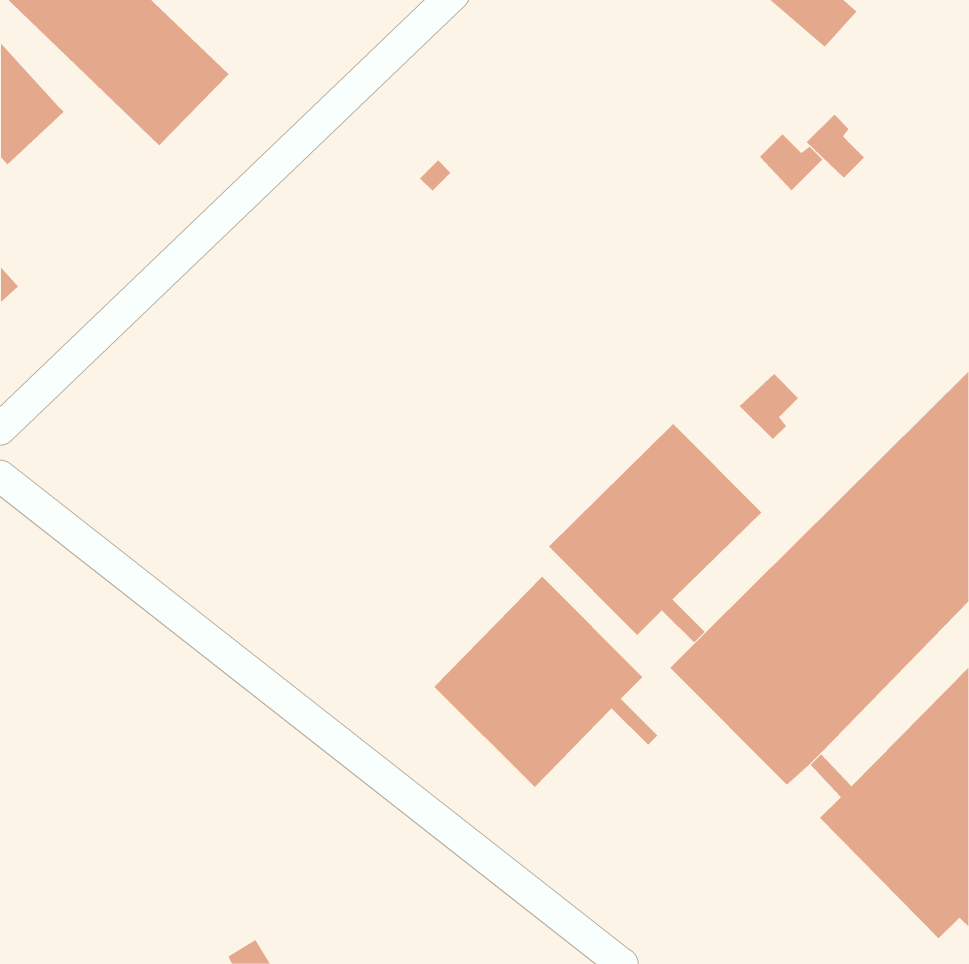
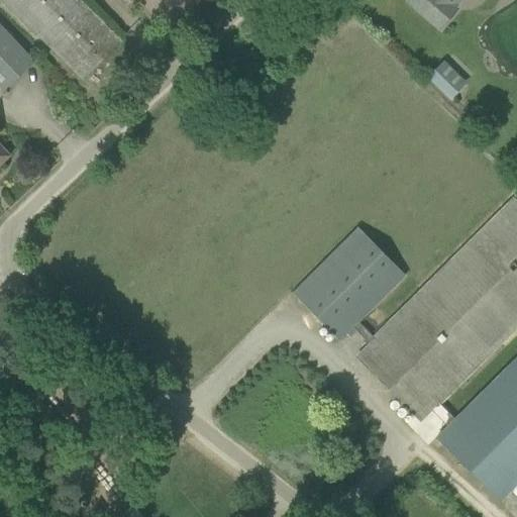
building: [759,133,823,191] -> none
building: [739,373,799,440] -> none
building: [434,576,658,788] -> none

